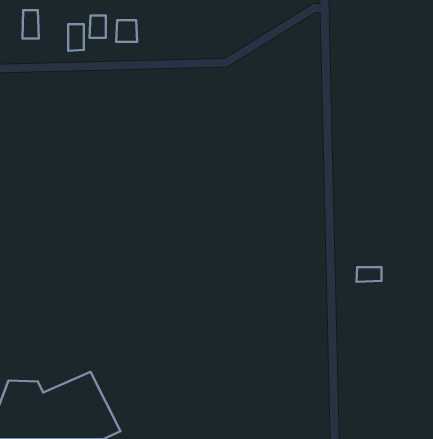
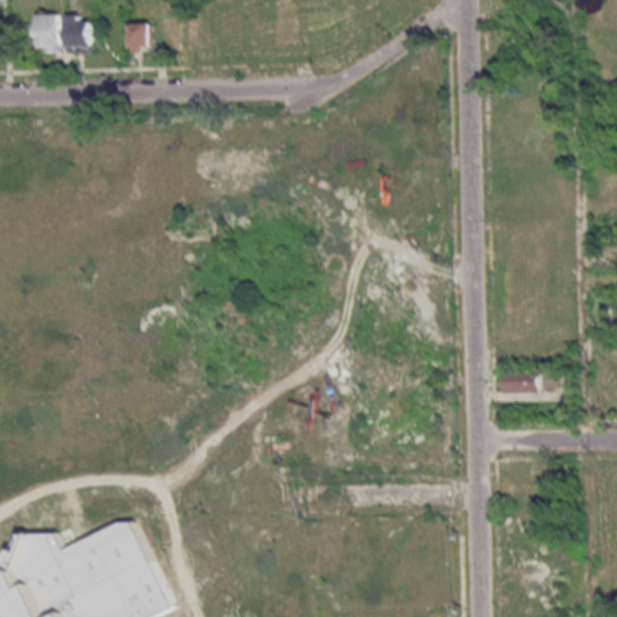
building: [116,20,137,42] -> none
building: [68,24,84,51] -> [64,16,86,53]

